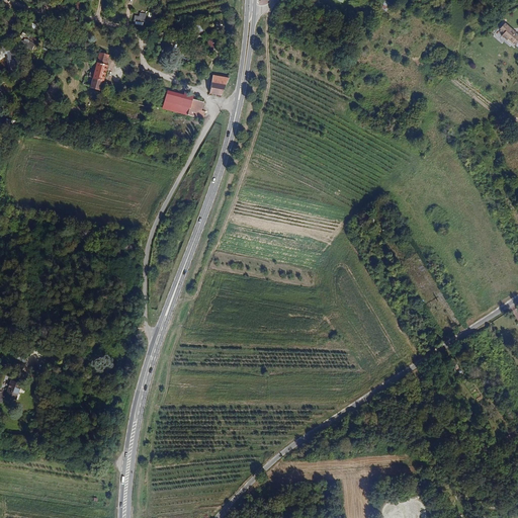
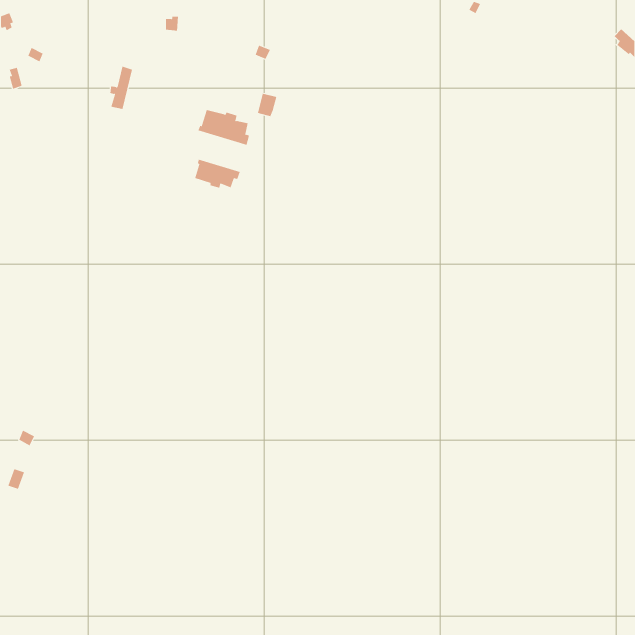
building: none -> [195,159,240,188]

